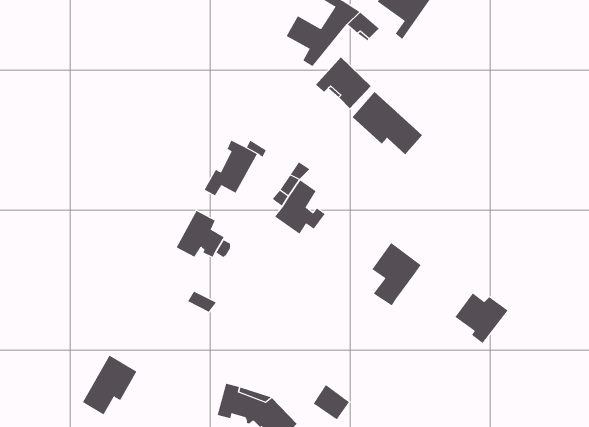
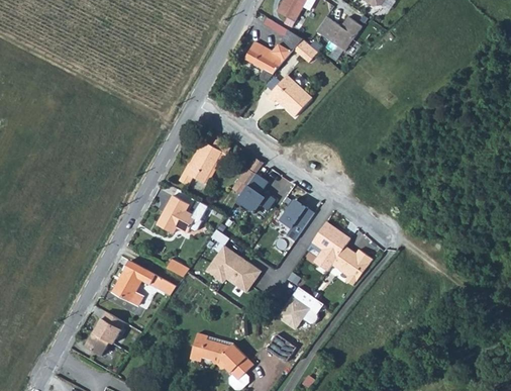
building: [352,91,423,155] -> none
building: none -> [282,199,315,239]
building: none -> [206,230,262,293]
building: none -> [113,260,176,305]
building: [455,293,508,344] -> [332,247,375,287]
building: none -> [279,287,326,329]

